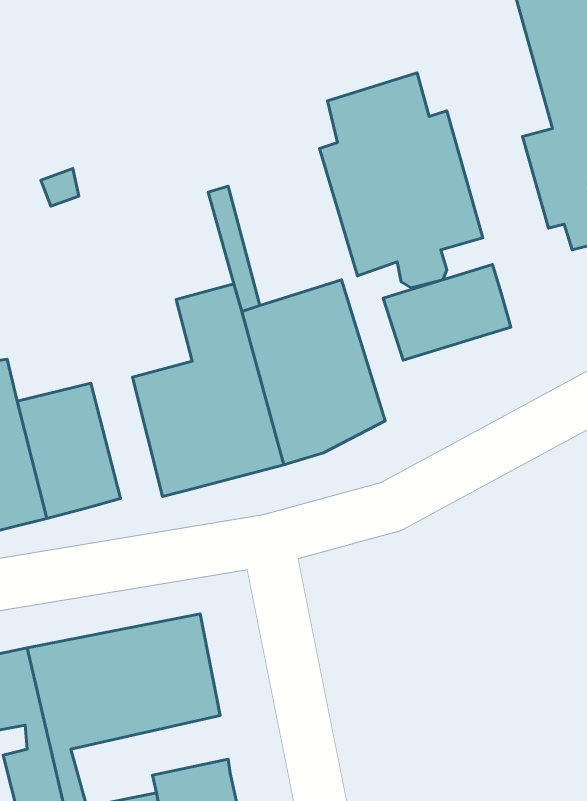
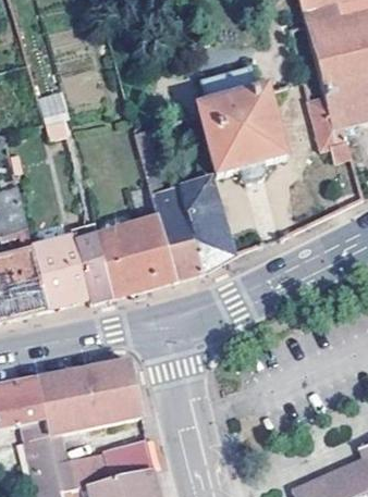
building: [383,264,511,360] -> none
building: none -> [69,221,111,303]

